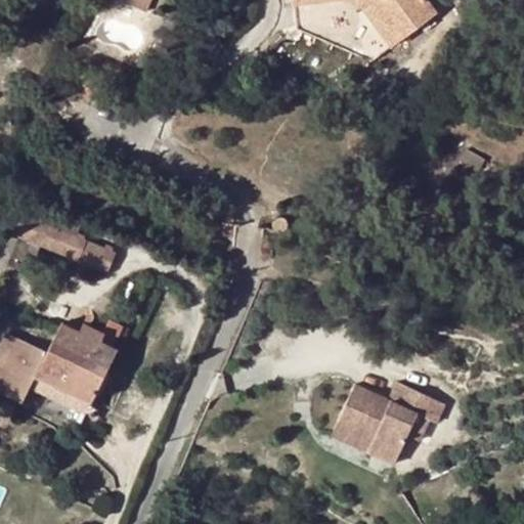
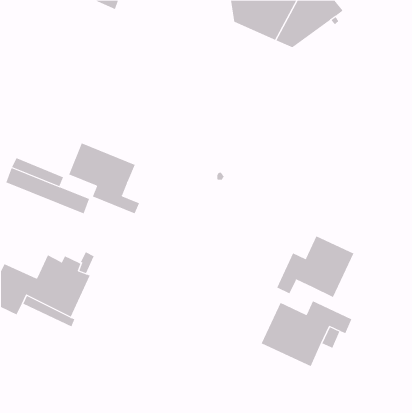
building: none -> [69,143,140,214]
building: none -> [276,235,354,298]

